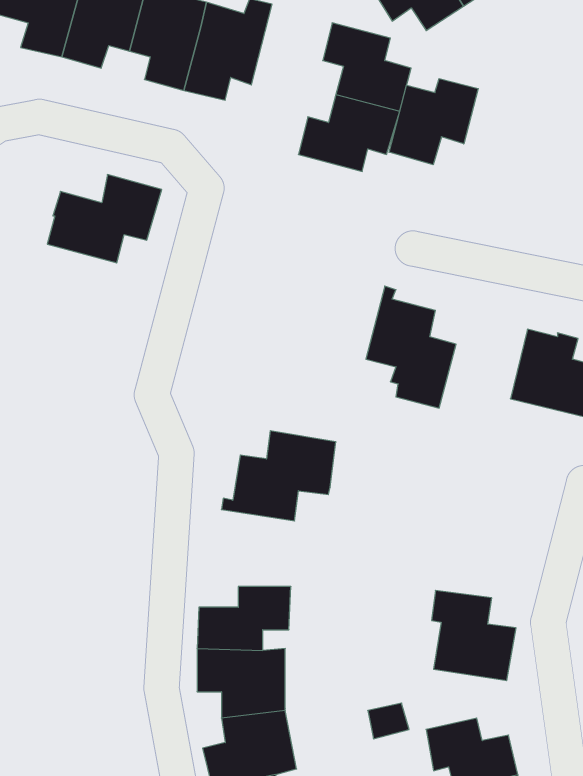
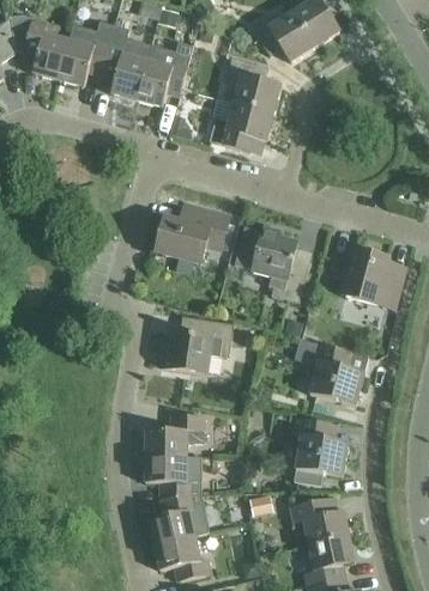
building: [389,79,478,165] -> none
building: [47,175,162,263] -> [156,206,229,262]
building: none -> [294,337,363,404]

